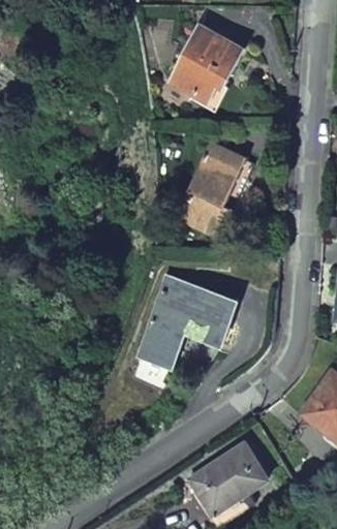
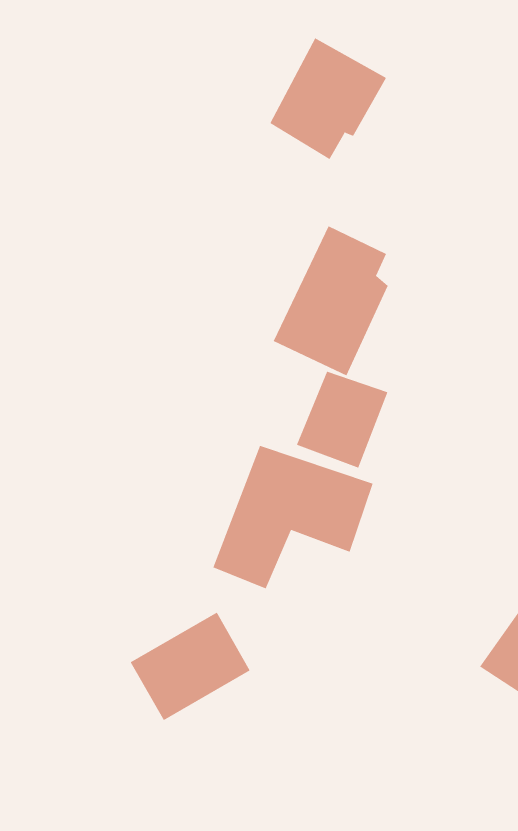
building: none -> [296,371,388,468]
building: [190,444,265,511] -> [130,612,251,721]

